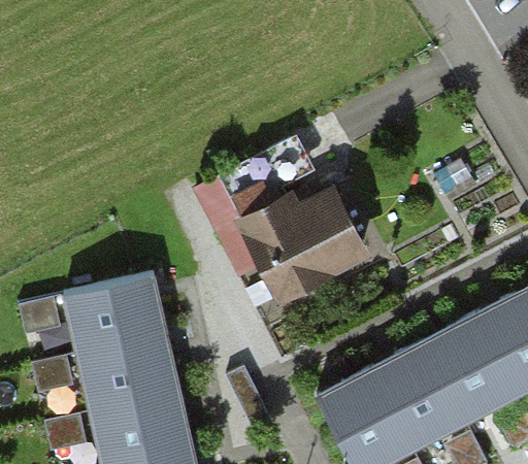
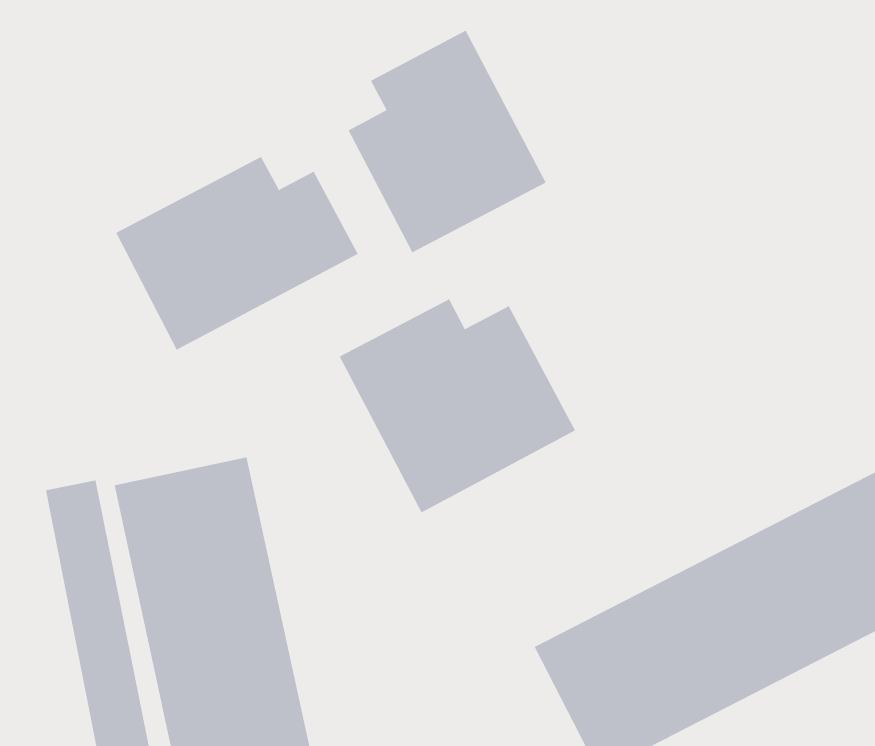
building: none -> [348,30,547,253]
building: none -> [115,156,358,350]

